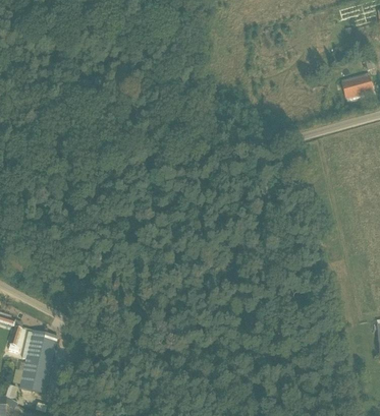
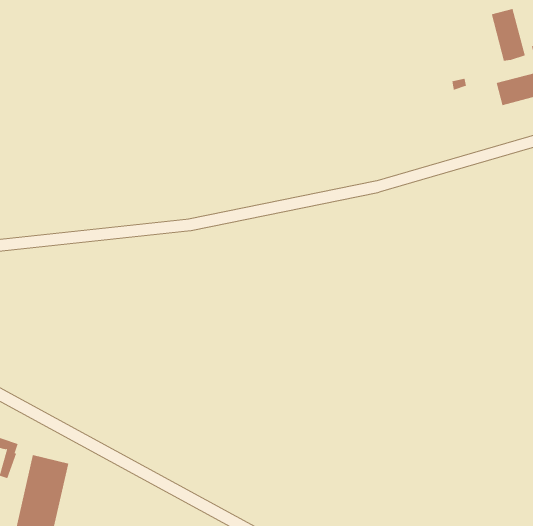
building: none -> [491,8,525,61]

